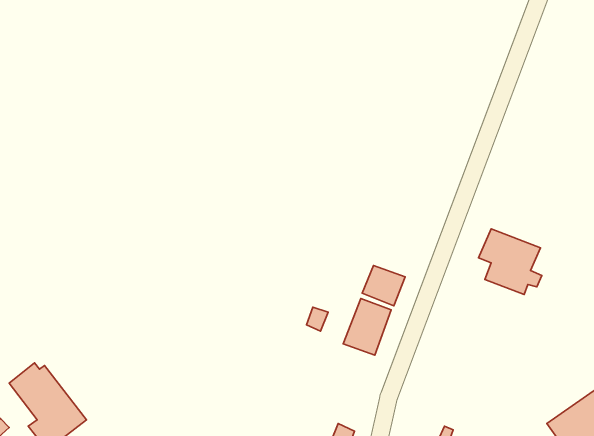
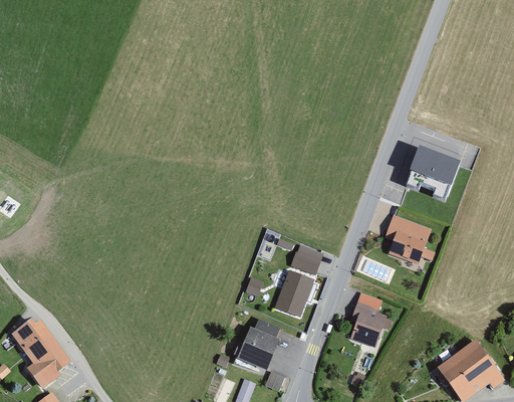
building: none -> [410,151,461,193]
building: none -> [347,299,390,346]
building: none -> [241,317,282,366]

